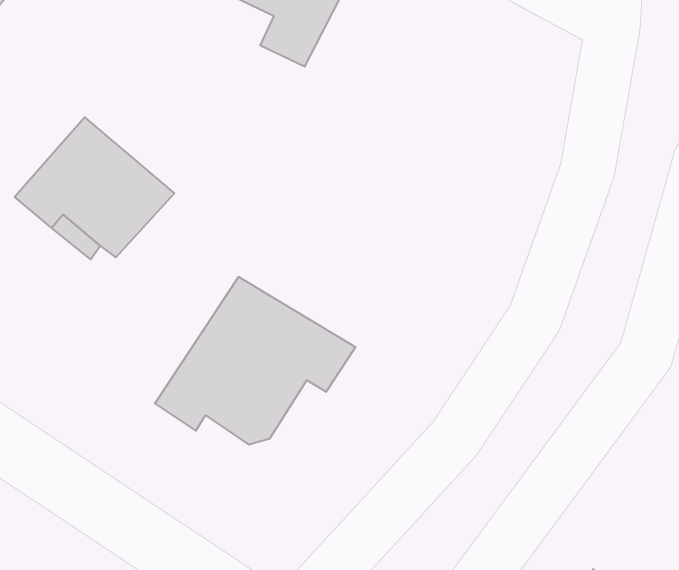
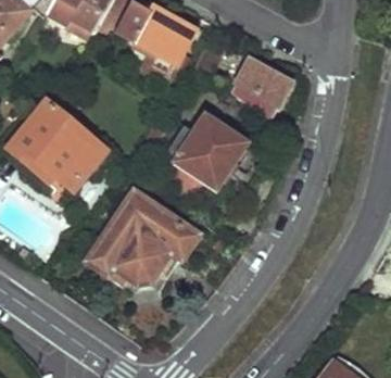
building: none -> [236,59,291,118]
building: none -> [166,117,245,192]

